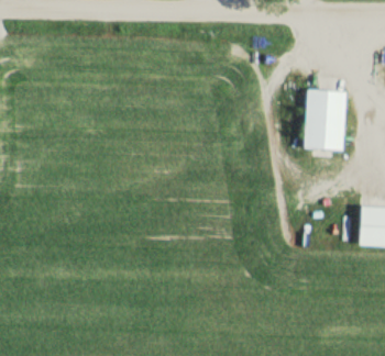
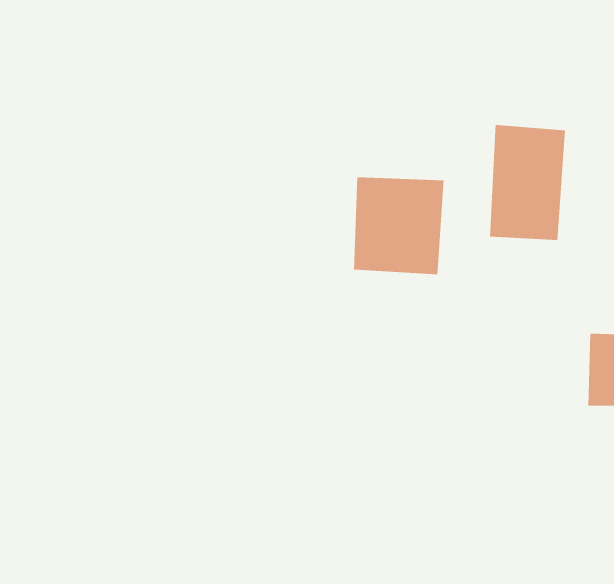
building: none -> [353,176,444,275]

